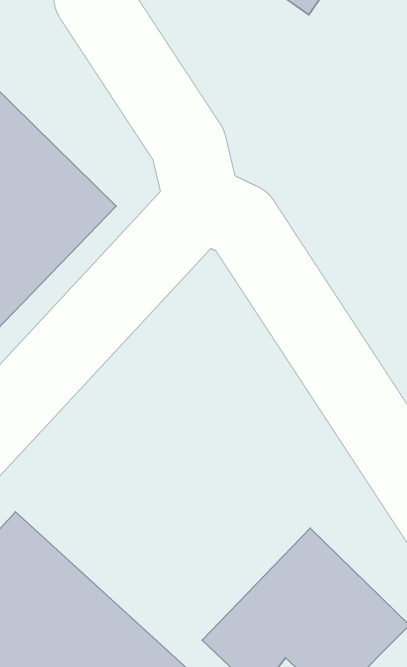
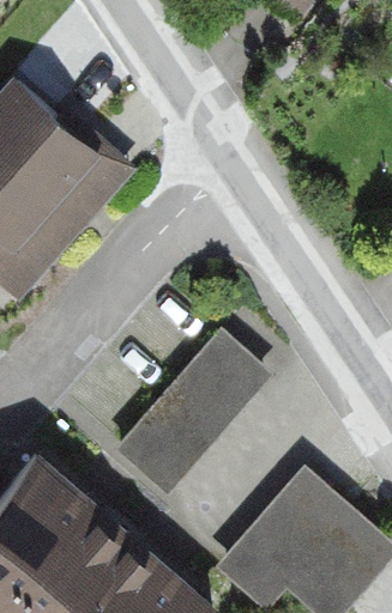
building: none -> [117,335,264,486]

